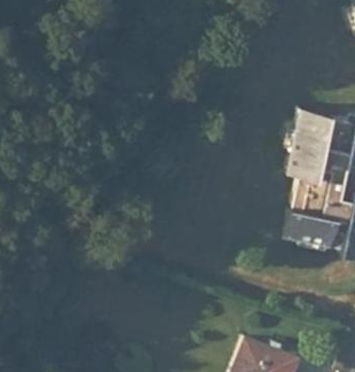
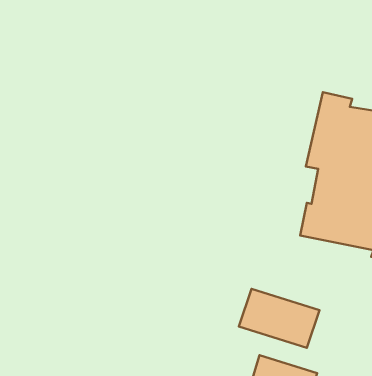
building: none -> [239,289,320,348]

